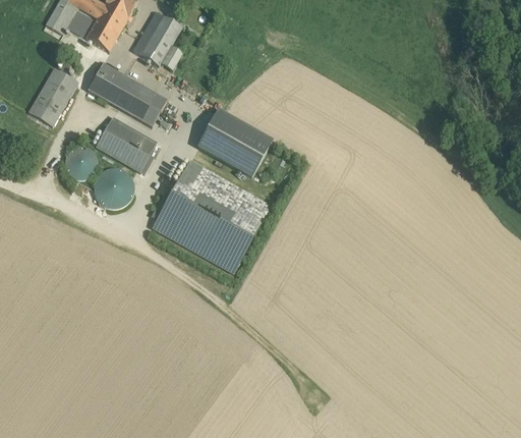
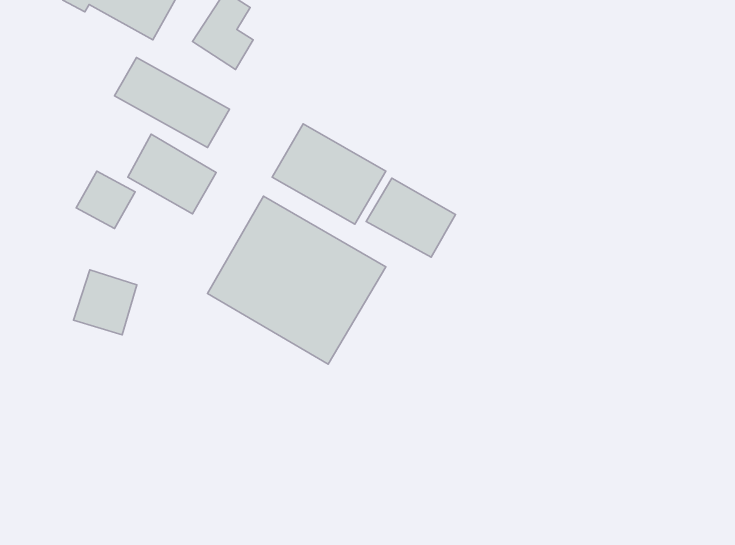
building: [30,67,79,124] -> none
building: none -> [366,178,455,257]
building: [91,163,134,208] -> [74,270,137,335]

